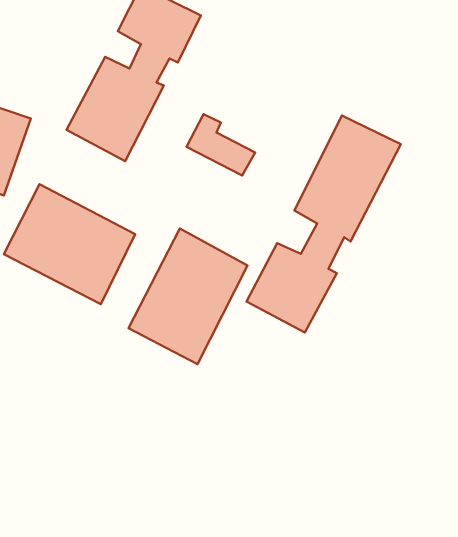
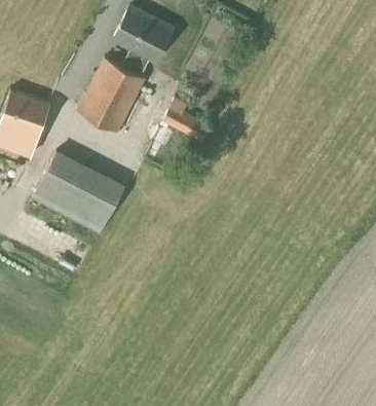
building: [247,116,401,333] -> none
building: [128,229,248,364] -> none

